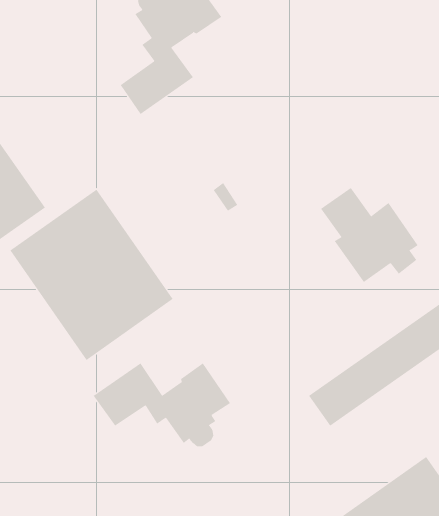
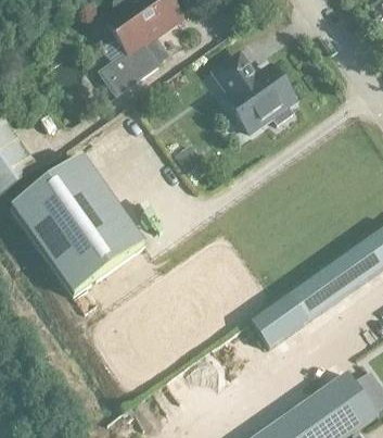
building: [320,187,419,283] -> [216,53,295,130]
building: [93,362,231,447] -> none

